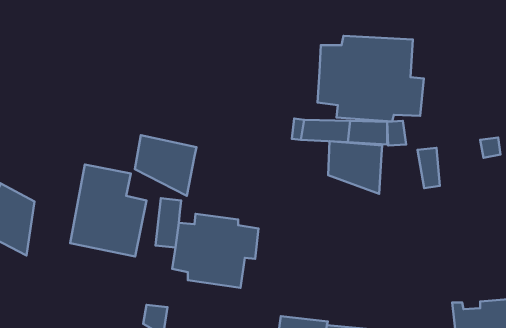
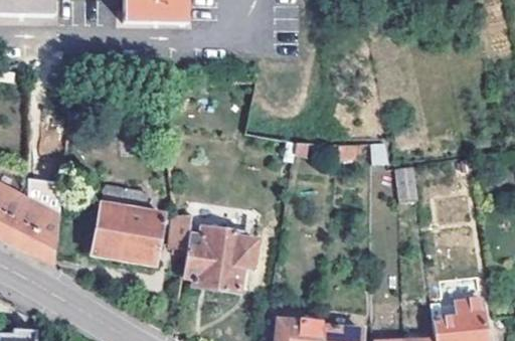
building: [318,36,424,122] -> none
building: [135,135,196,196] -> none
building: [328,141,382,194] -> none

